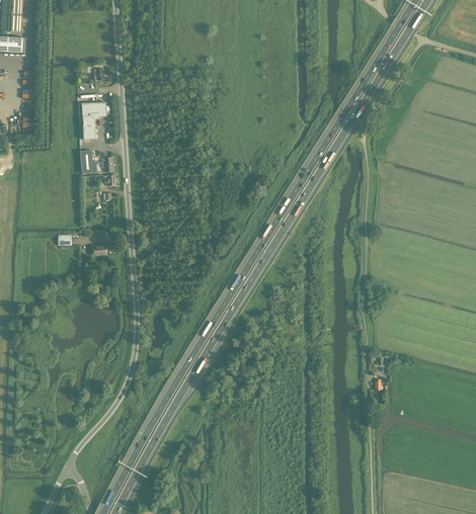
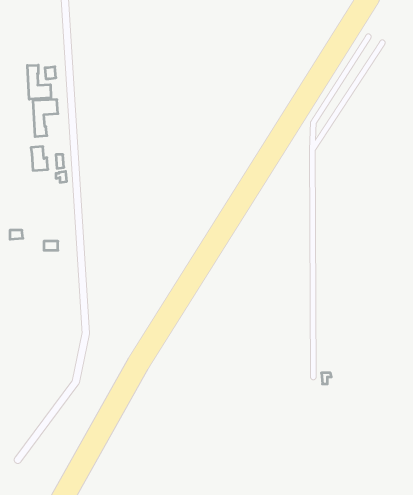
building: none -> [27,65,51,99]

